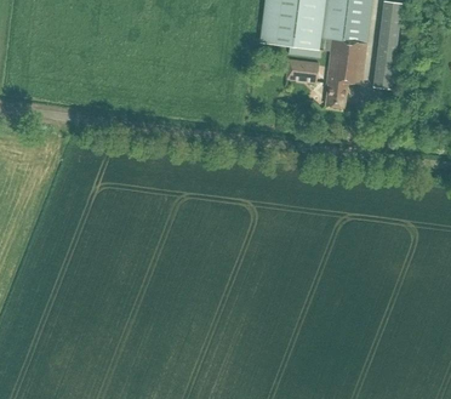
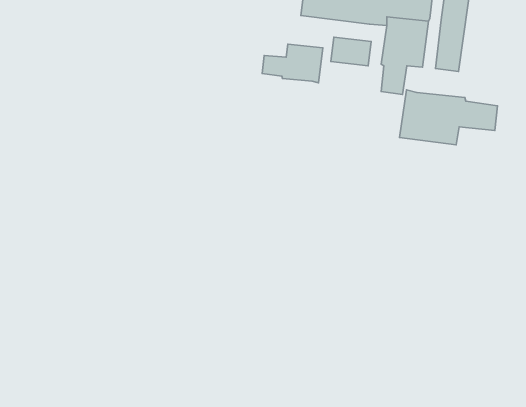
building: none -> [262,44,323,83]
building: none -> [399,90,498,145]

